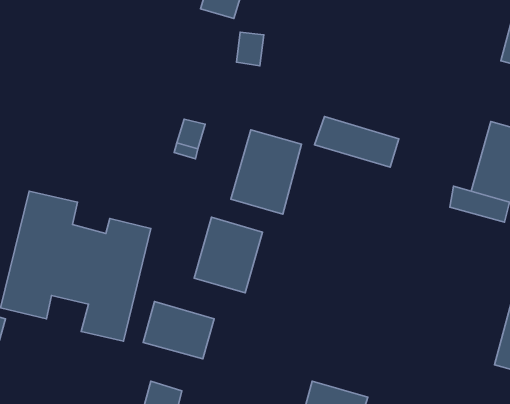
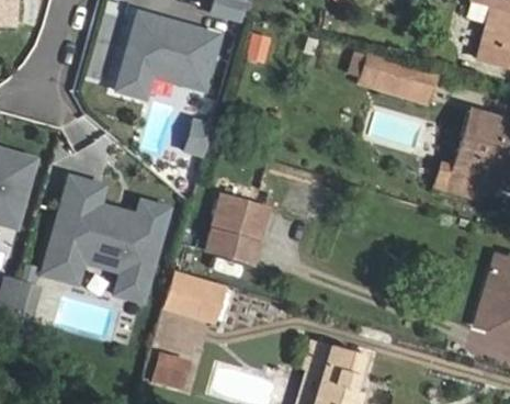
building: none -> [117,10,218,94]
building: [314,116,399,167] -> [360,56,434,101]
building: [231,130,302,214] -> none

